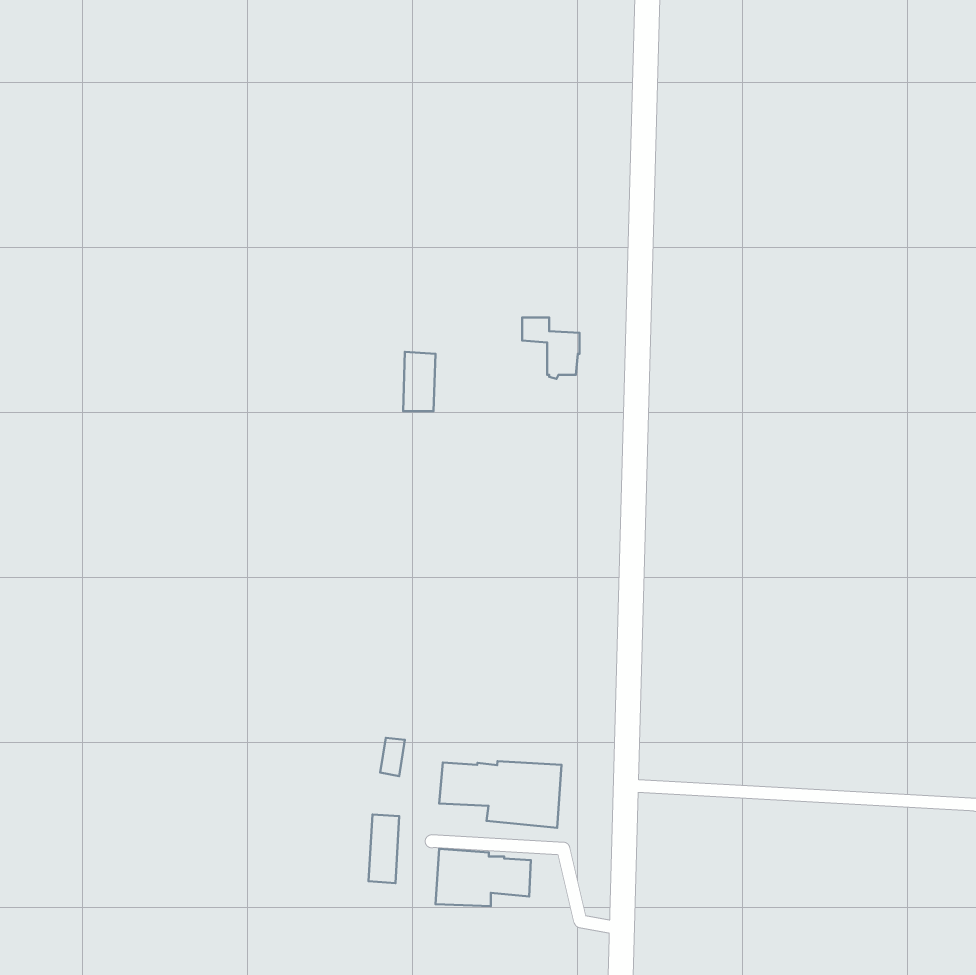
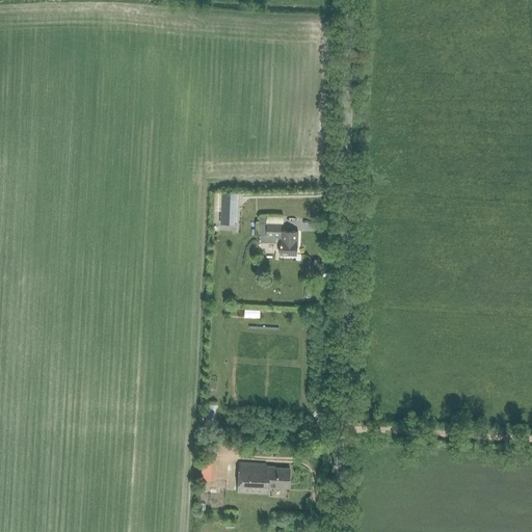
building: [522,318,580,379] -> [266,222,297,256]
building: [439,761,562,828] -> none

